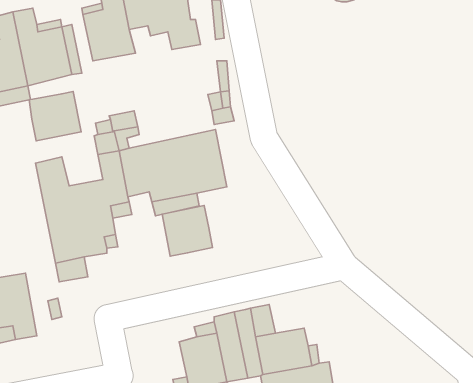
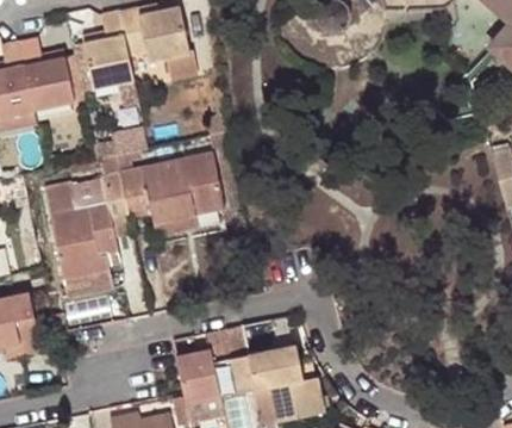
building: [29,91,81,141] -> none
building: [162,205,212,256] -> none

